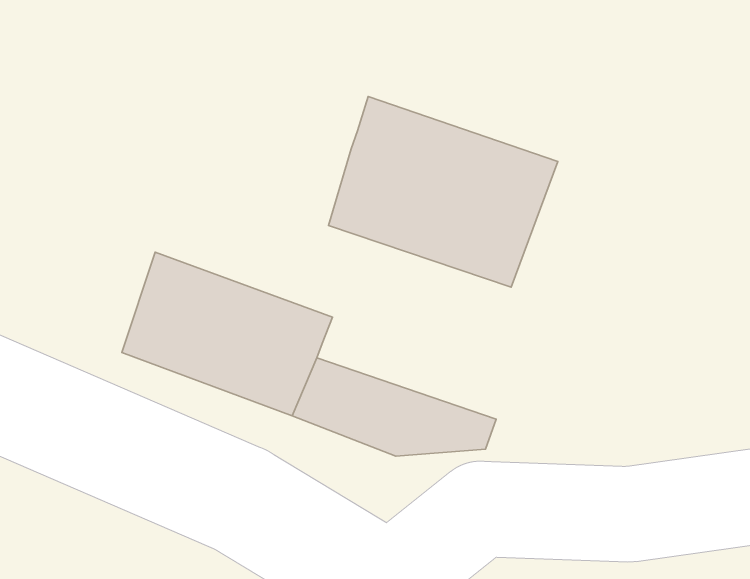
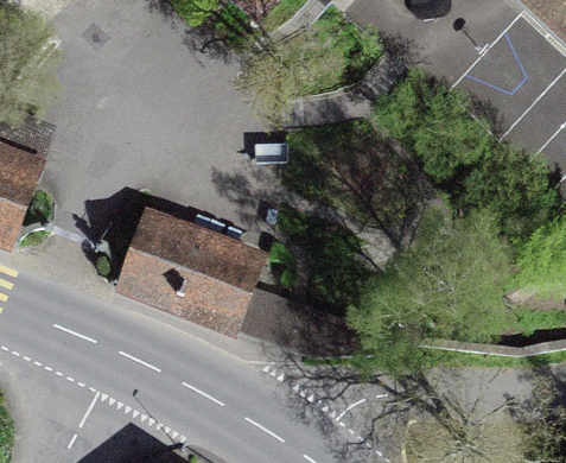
building: [329,97,558,287] -> none

